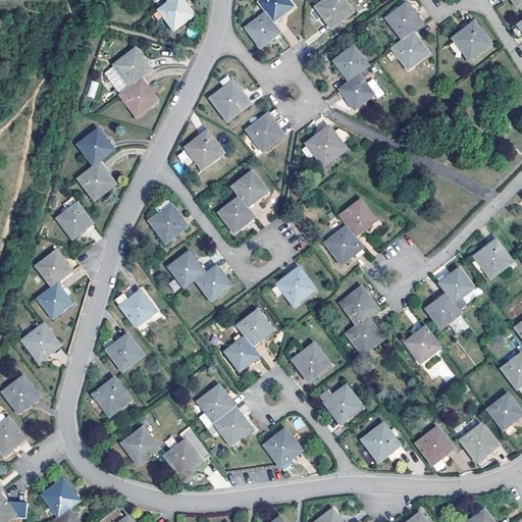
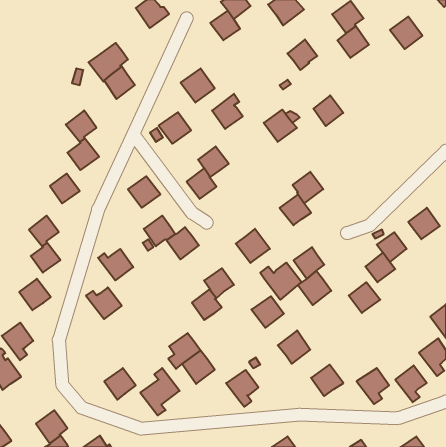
building: [341,73,375,109] -> [313,95,343,126]
building: none -> [260,263,301,300]
building: [93,378,129,415] -> none

